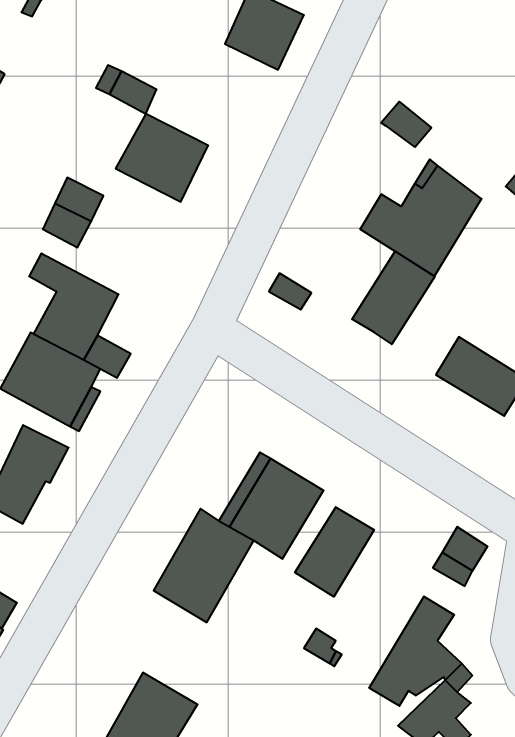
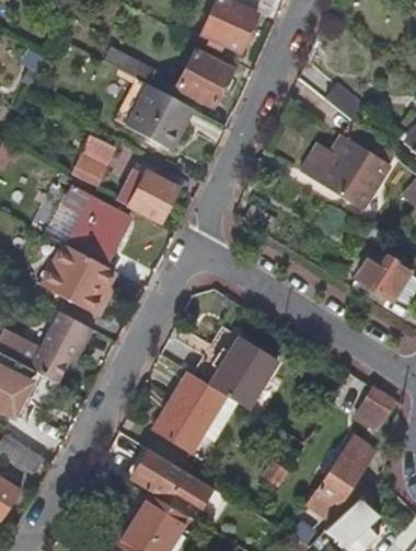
building: none -> [175,49,233,109]
building: none -> [115,172,177,226]
building: [352,251,435,344] -> none
building: [295,507,374,597] -> none
building: none -> [129,448,209,508]

